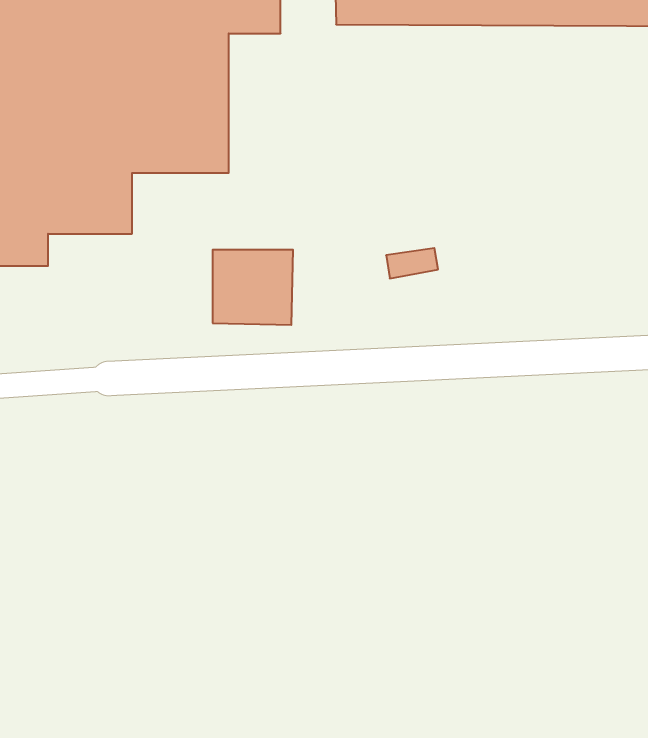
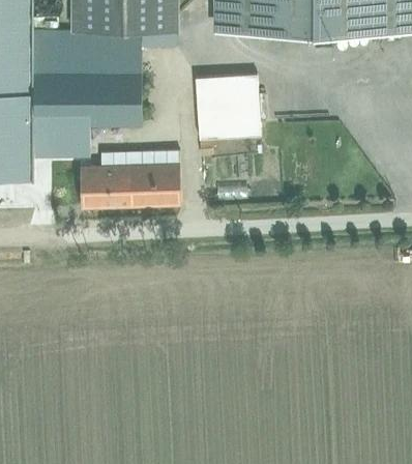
building: none -> [192,74,258,138]
building: none -> [78,162,134,205]

